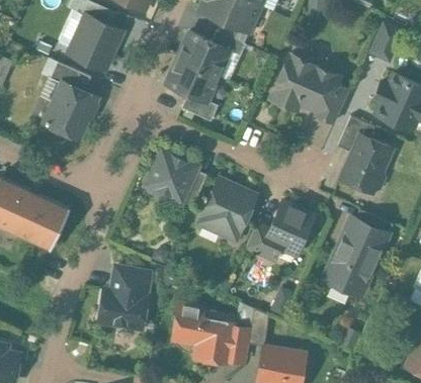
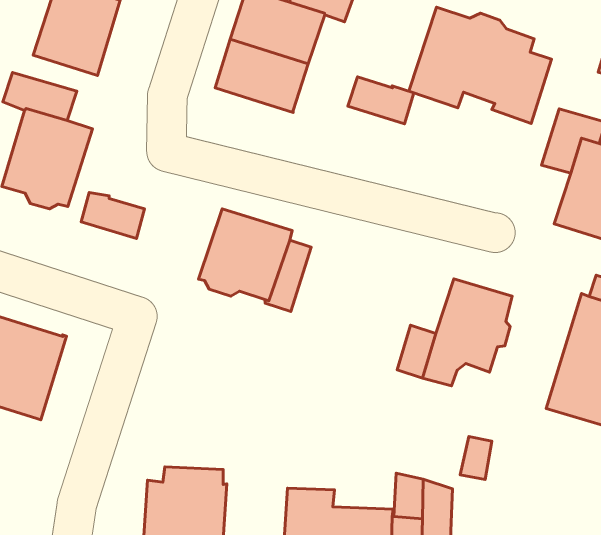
building: [181,94,218,122] -> [348,77,414,124]
building: none -> [81,192,144,239]
building: [198,180,255,241] -> none
building: [113,269,149,290] -> none

